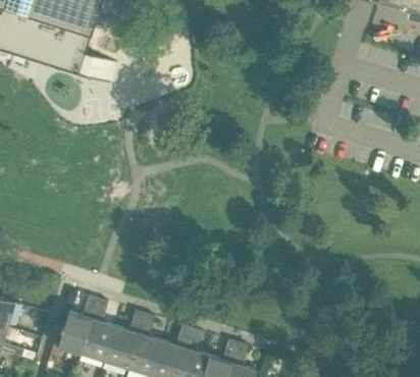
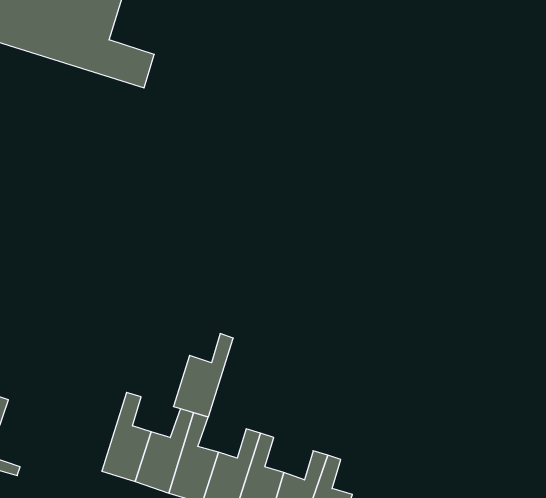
building: [56,297,98,355] -> [173,334,233,417]

